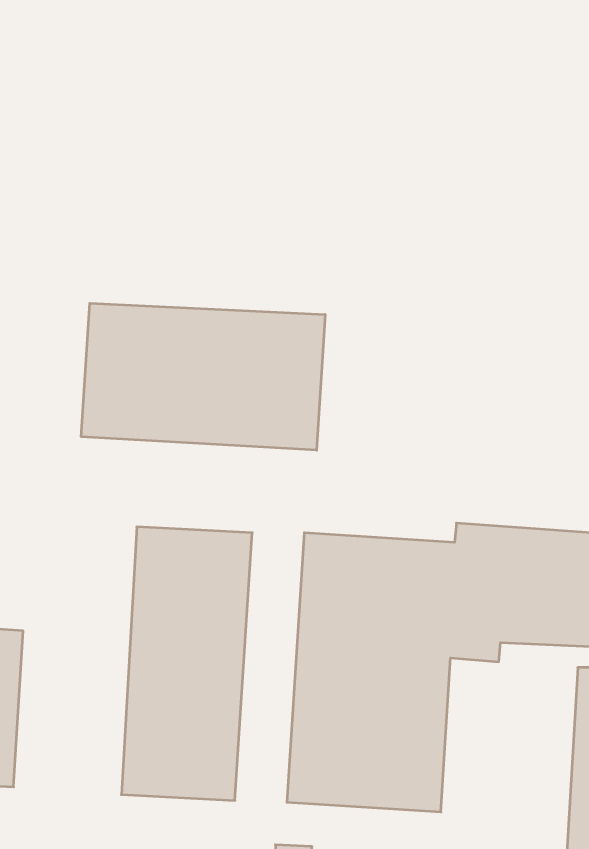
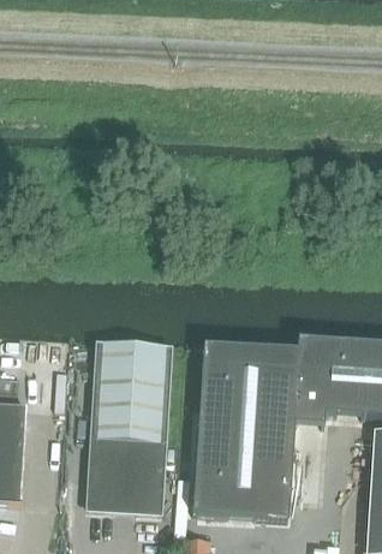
building: [81,303,325,450] -> none

